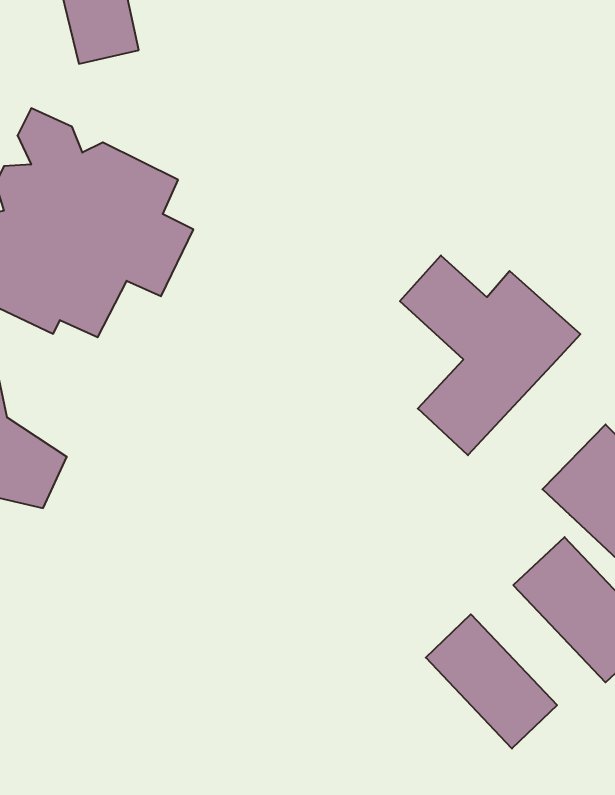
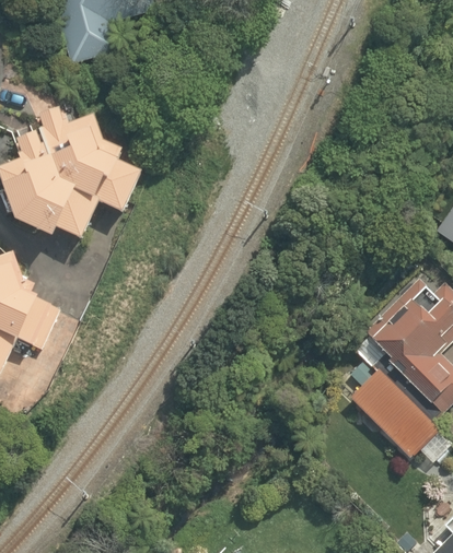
building: [400,255,580,455] -> none
building: [426,614,557,749] -> none

